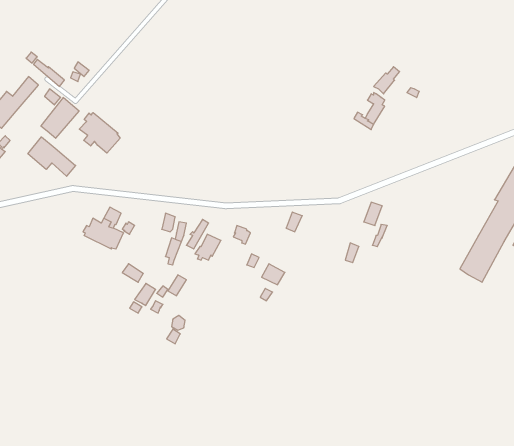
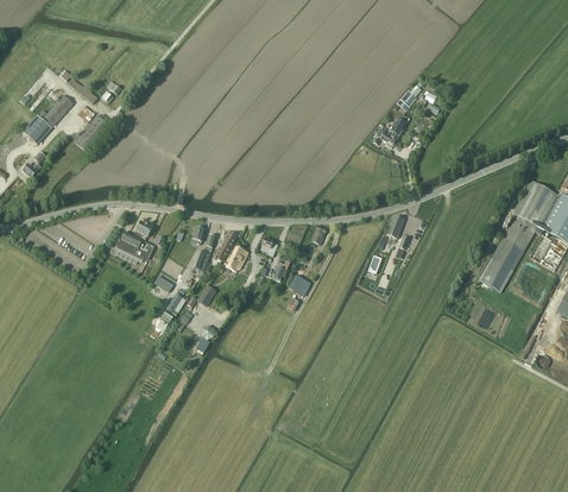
building: [79,113,120,153] -> none
building: [28,137,76,176] -> none

